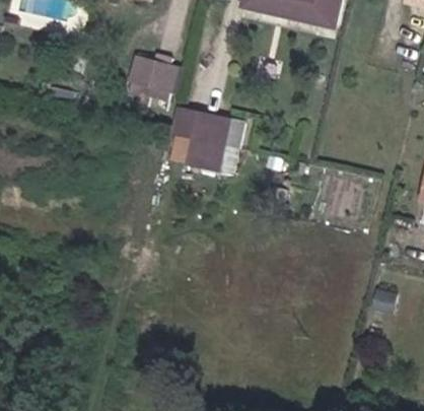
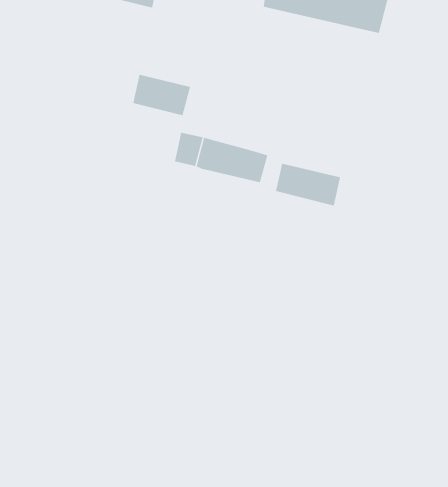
building: [184,136,236,170] -> [275,163,341,206]

